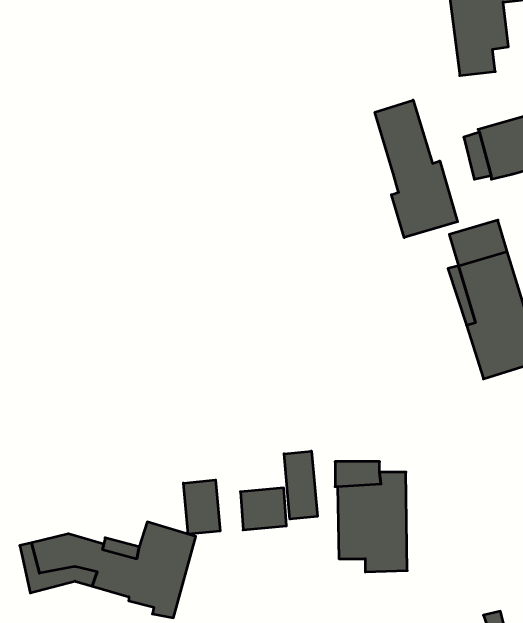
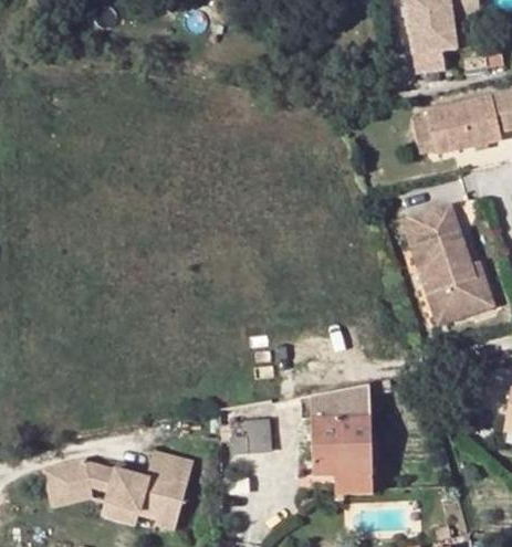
building: [375,100,458,238] -> none
building: [284,451,317,519] -> none
building: [183,480,220,534] -> none

